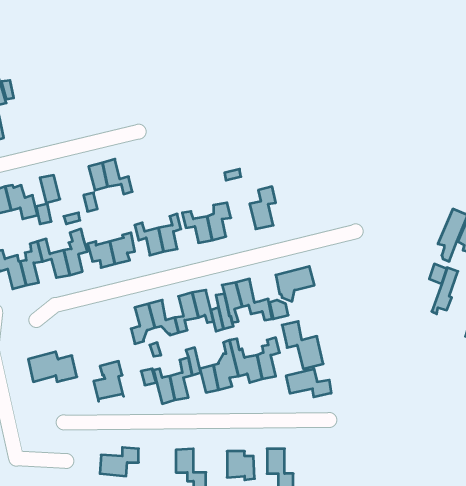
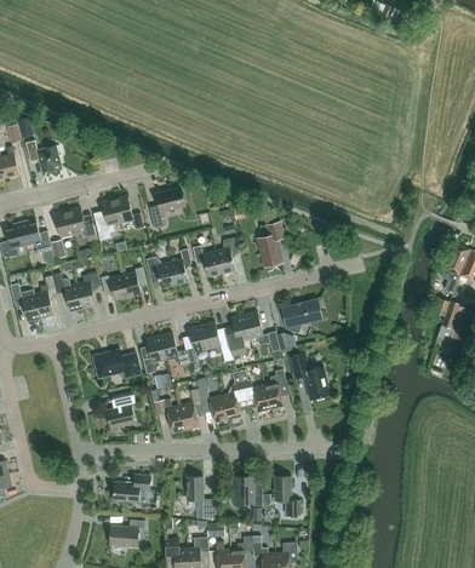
building: none -> [24,140,61,171]
building: none -> [148,187,184,228]
building: none -> [67,207,96,241]
building: [28,352,77,382] -> [92,349,139,378]
building: [286,369,331,397] -> none

